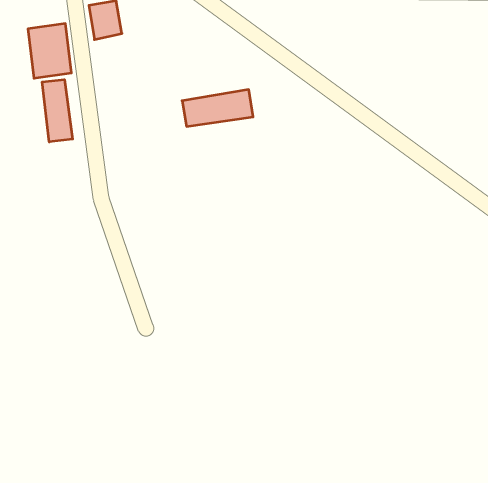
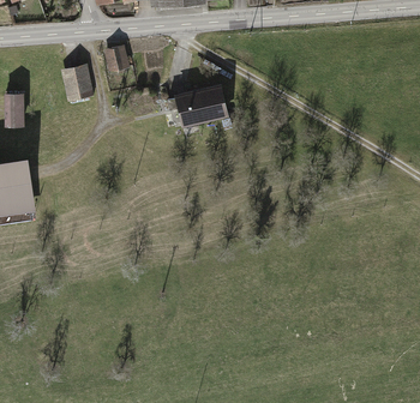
building: none -> [172,82,223,112]
building: [42,80,73,142] -> none

